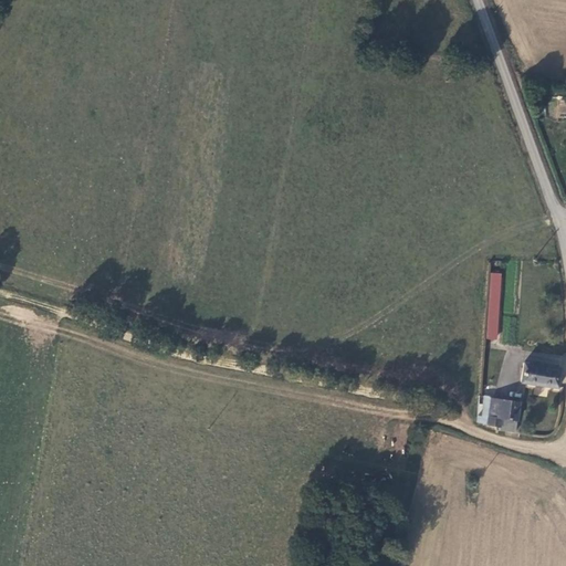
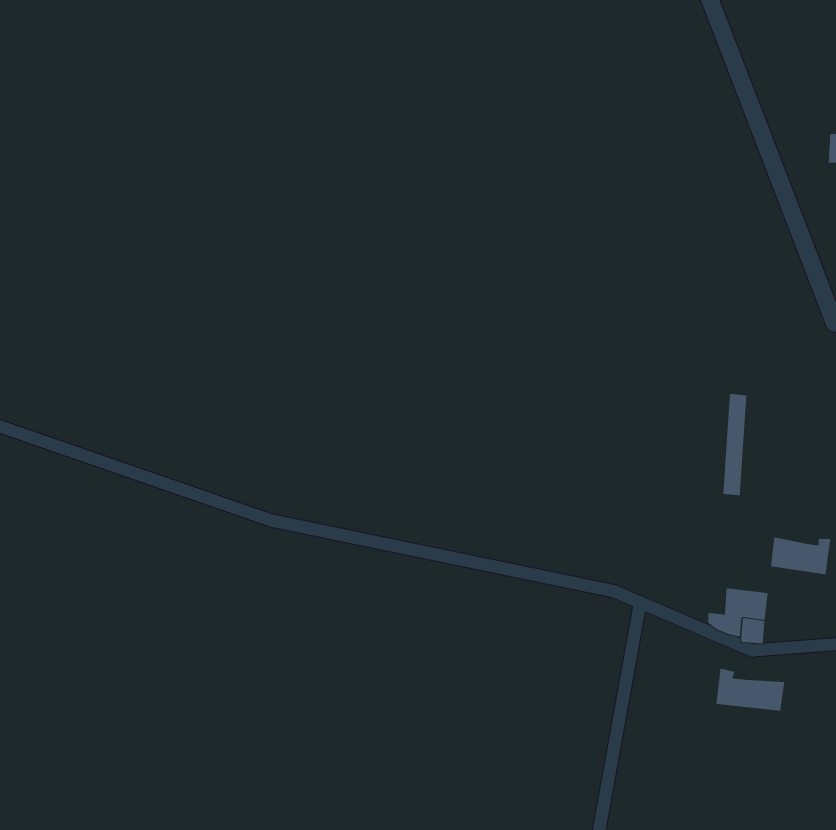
building: none -> [716,668,785,711]

